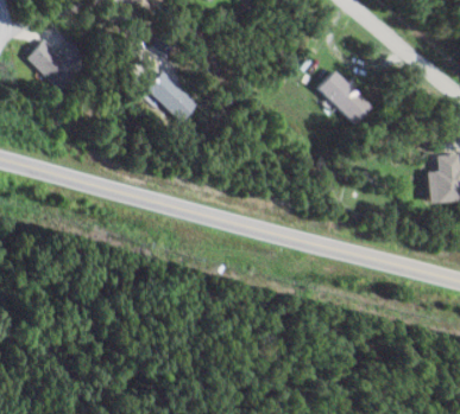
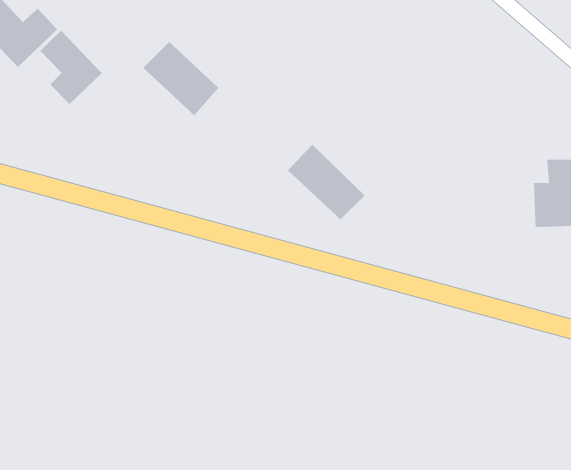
building: none -> [40,30,102,105]
building: [317,69,373,123] -> [287,144,365,220]

